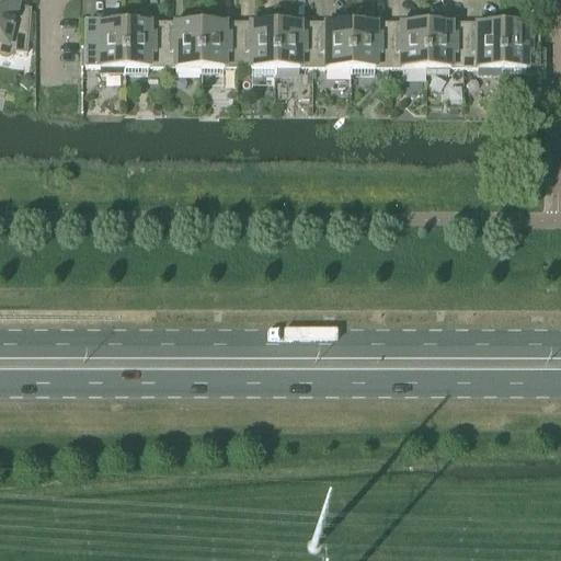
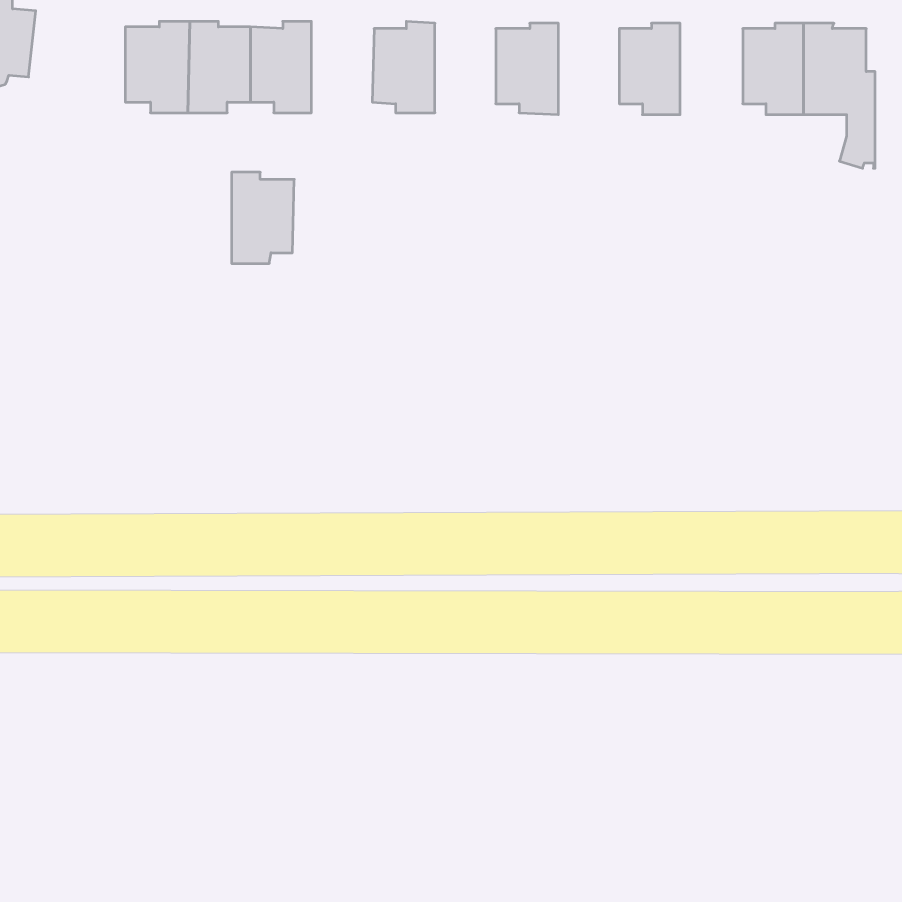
building: [191,13,229,69] -> [232,172,294,263]
building: [266,14,304,69] -> none
building: [342,14,379,70] -> none
building: [416,14,455,70] -> none

